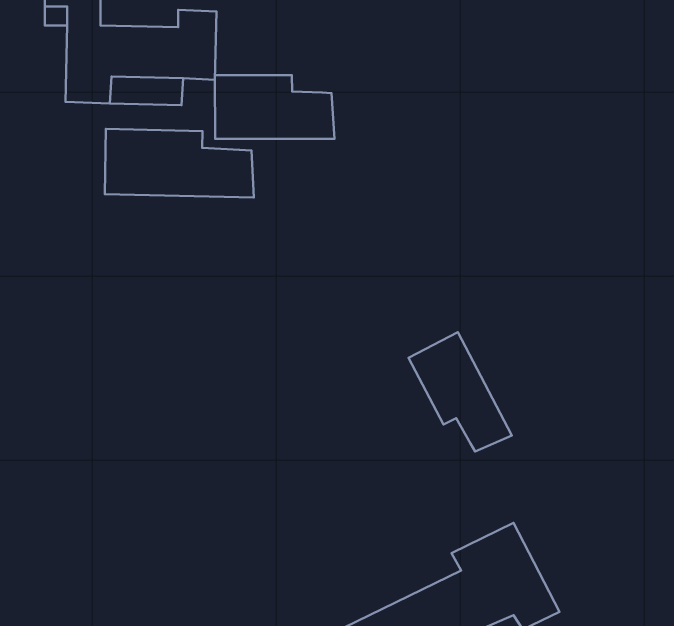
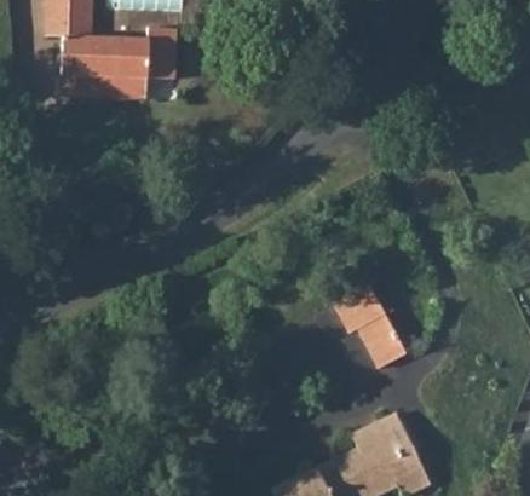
building: [215,75,334,139] -> none
building: [105,129,254,197] -> none

